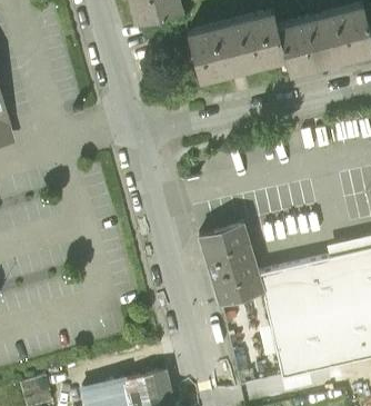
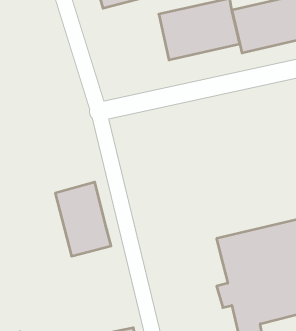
building: [202,222,263,304] -> [55,182,111,256]

